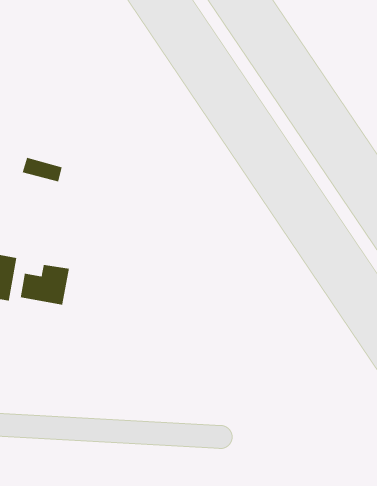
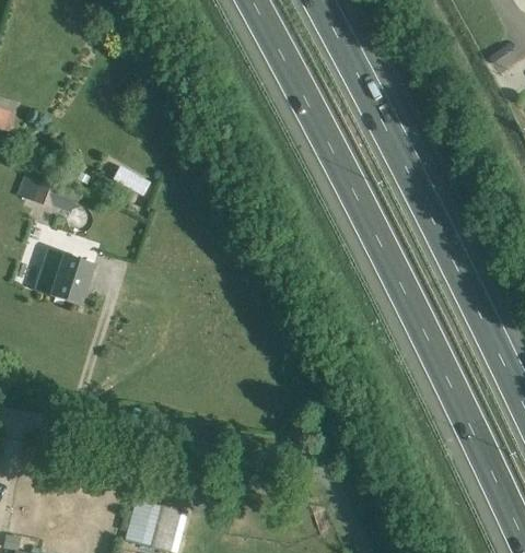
building: [20,264,70,306] -> none

